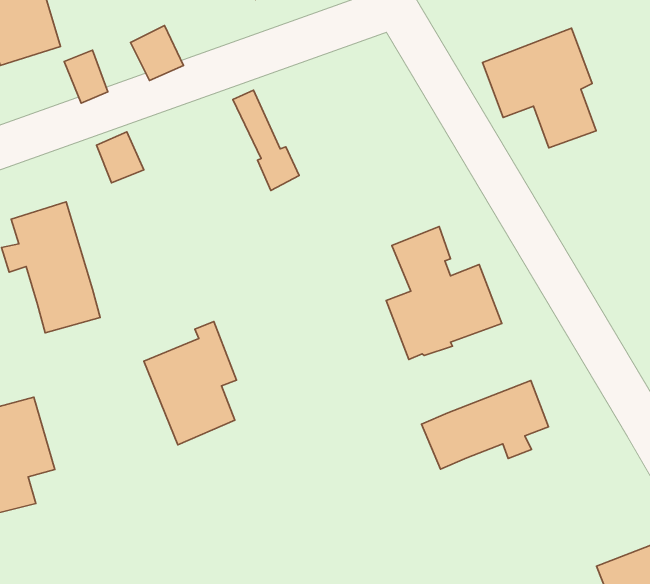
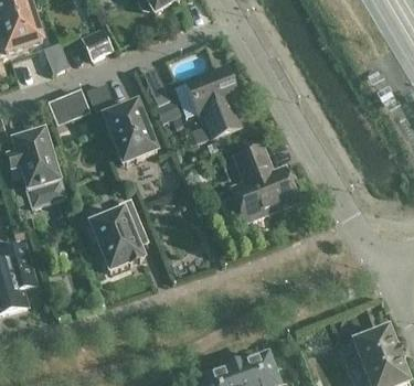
building: [482,28,596,148] -> [173,66,240,136]
building: none -> [87,85,157,163]
building: [421,381,548,469] -> none

